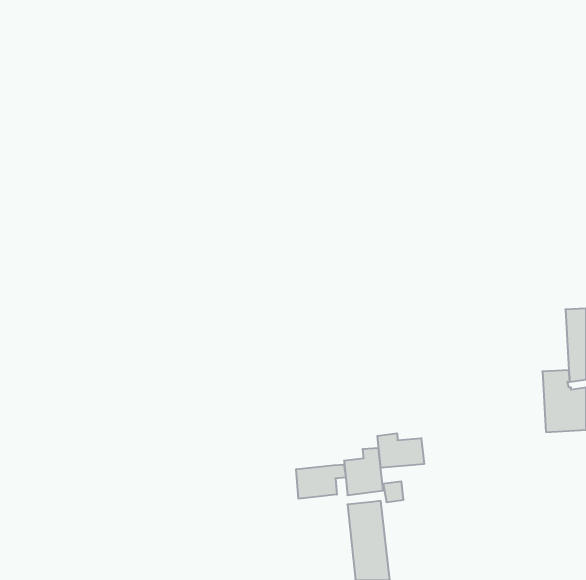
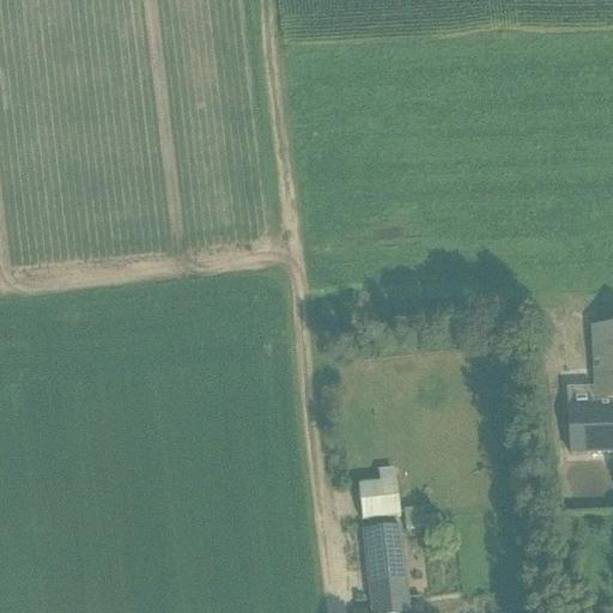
building: [378,433,424,468] -> none
building: [296,464,346,499] -> none

